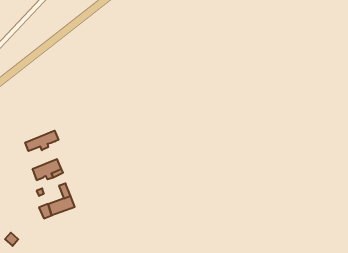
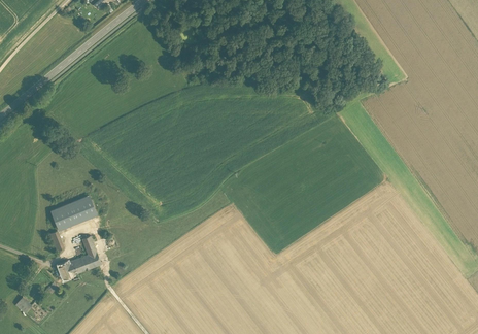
building: [25,131,58,151] -> none

